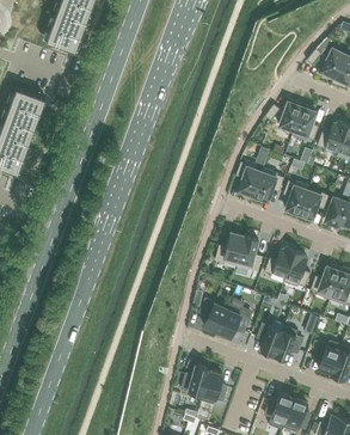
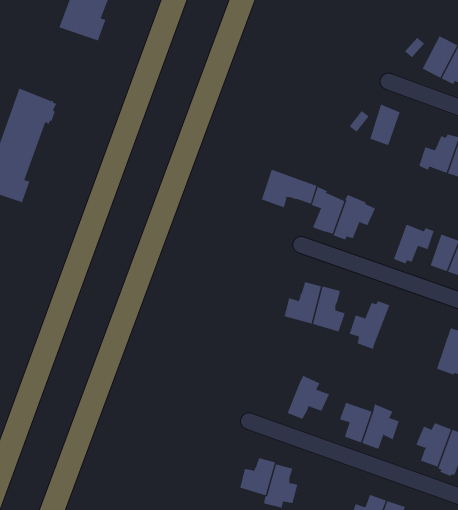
building: [291,104,319,141] -> none
building: none -> [261,169,317,208]
building: [283,180,309,216] -> none
building: [283,251,309,287] -> none
building: [311,264,340,299] -> none
building: [199,299,227,332] -> none

